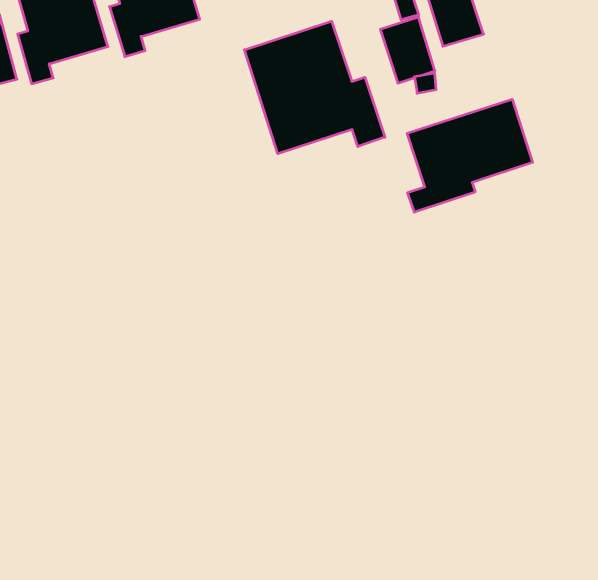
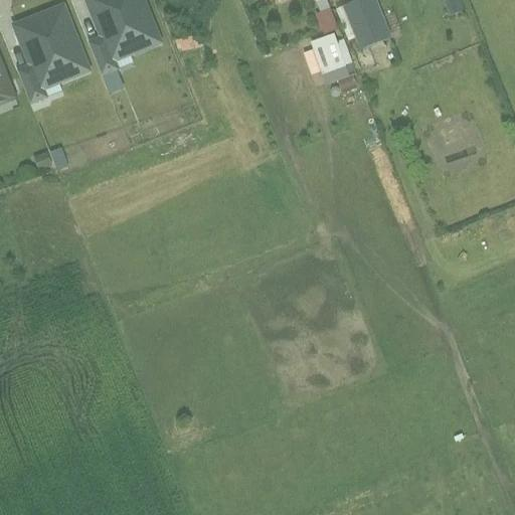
building: [244,21,385,154] -> none
building: [407,99,533,212] -> none

